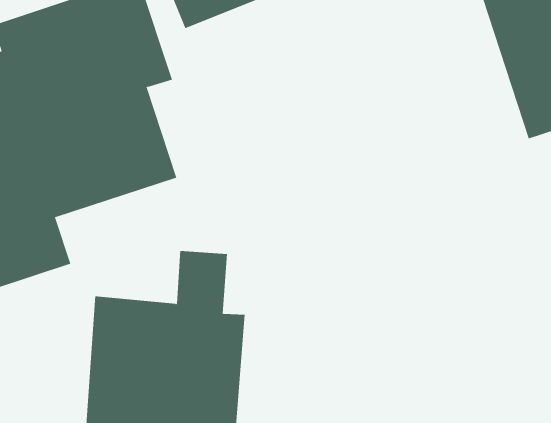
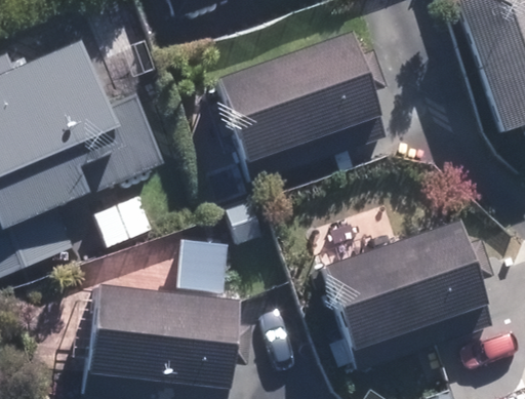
building: none -> [208,34,375,165]
building: none -> [325,214,487,342]

